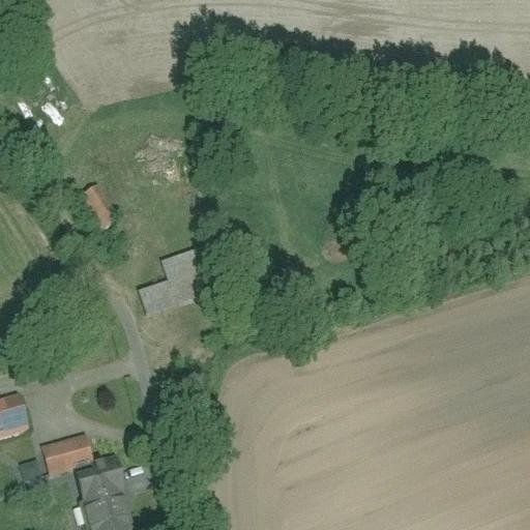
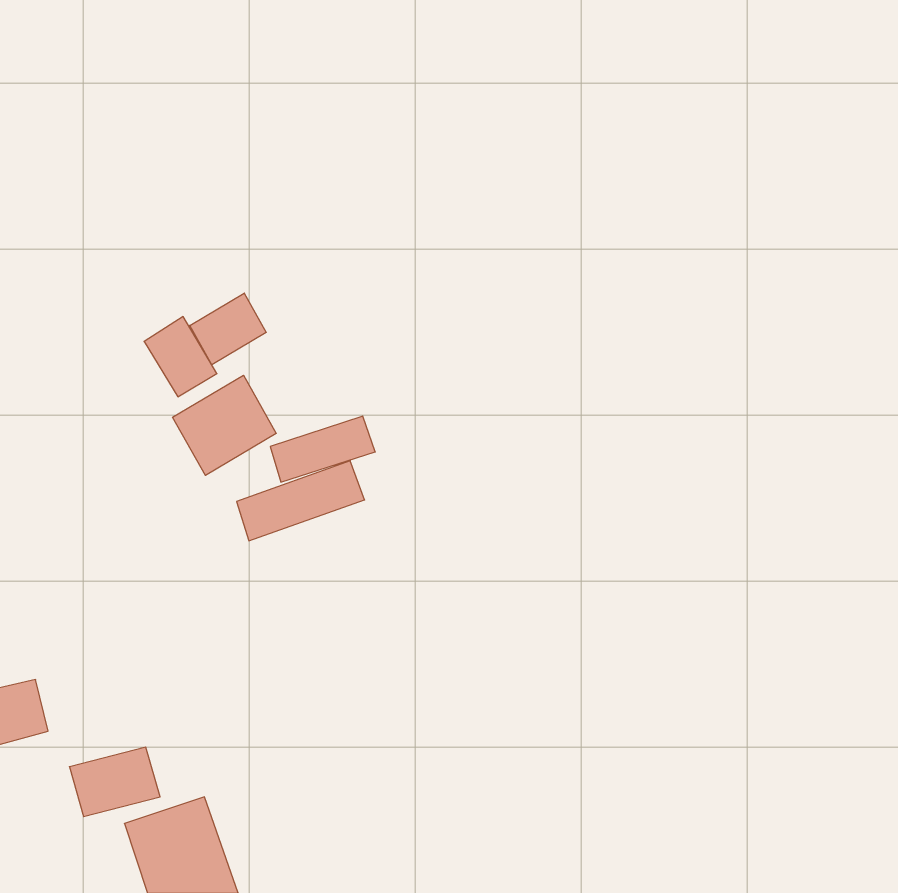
building: none -> [190,293,266,365]
building: none -> [173,375,276,475]

